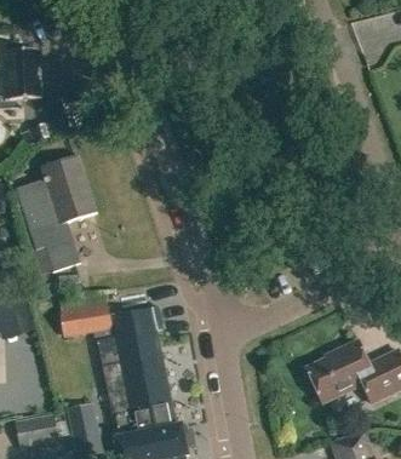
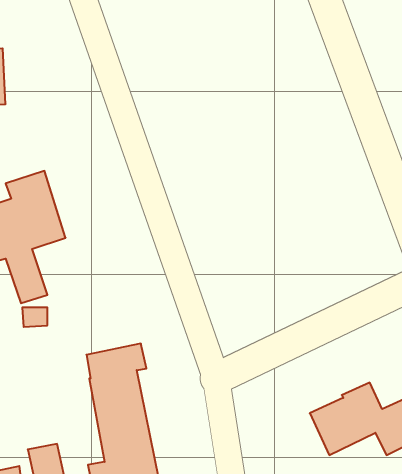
building: [59,302,111,335] -> none

